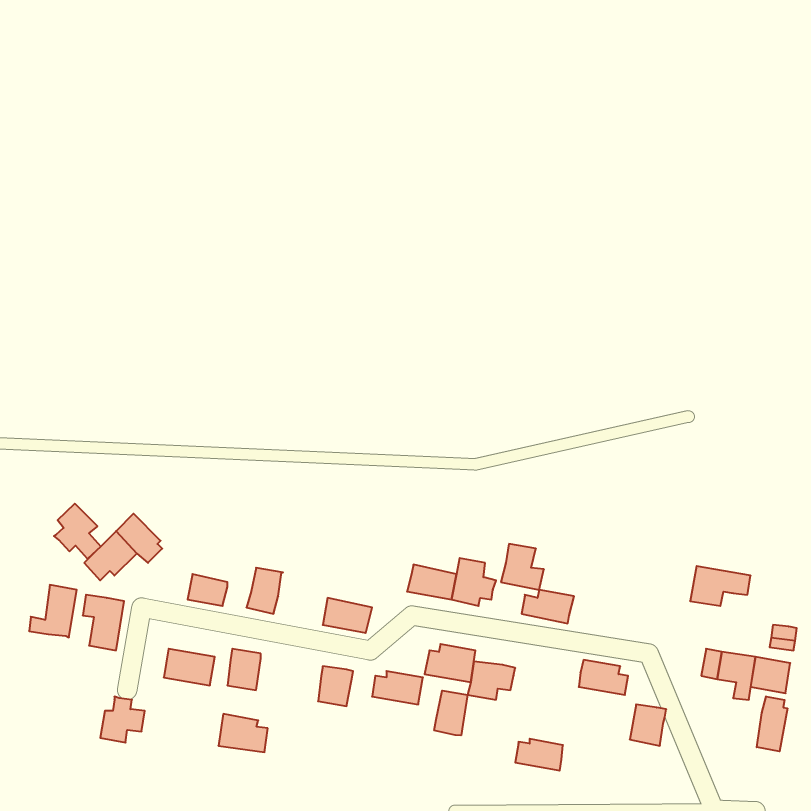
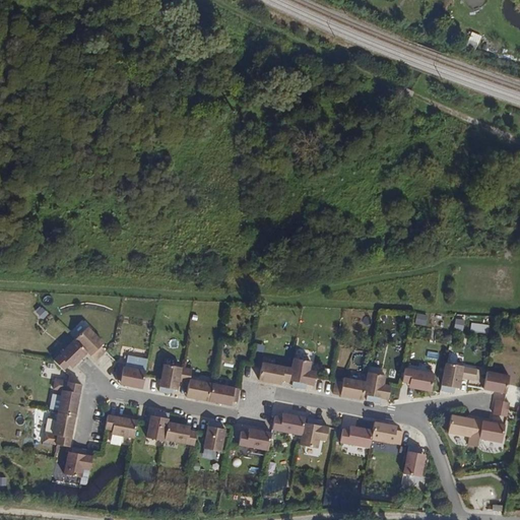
building: [54,504,101,559] -> none
building: [501,544,544,590] -> [364,369,391,398]
building: none -> [178,366,209,399]
building: none -> [402,368,434,389]
building: none -> [483,369,509,391]
building: [29,585,77,637] -> [44,412,74,446]
building: [434,691,468,735] -> none
building: [757,696,787,751] -> none
building: [218,714,268,752] -> [164,420,195,445]
building: [515,739,563,771] -> [340,426,371,446]

